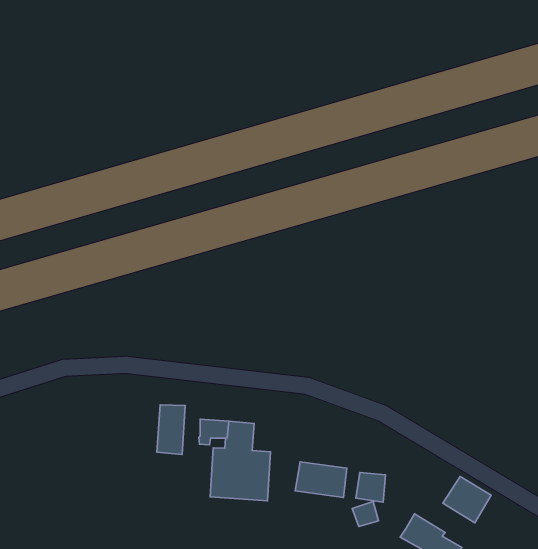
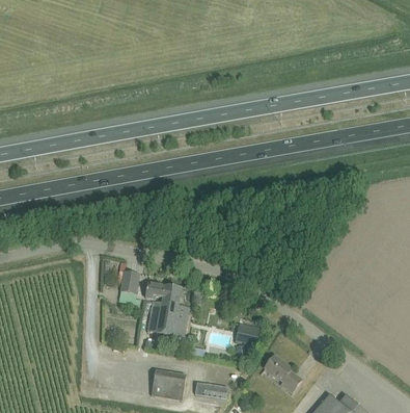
building: [295,462,347,498] -> none
building: [443,476,491,523] -> none

